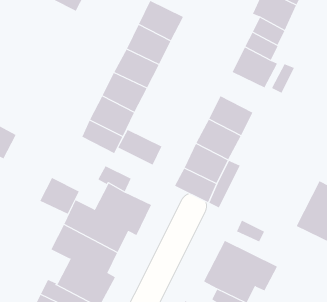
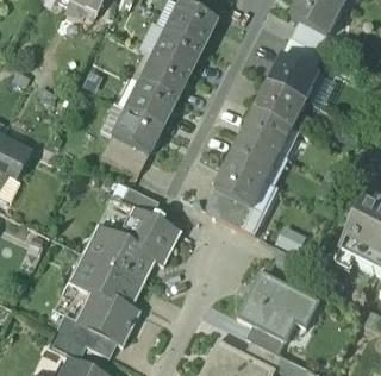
building: none -> [256,81,306,126]
building: [118,129,162,166] -> none
building: [39,177,79,214] -> none

